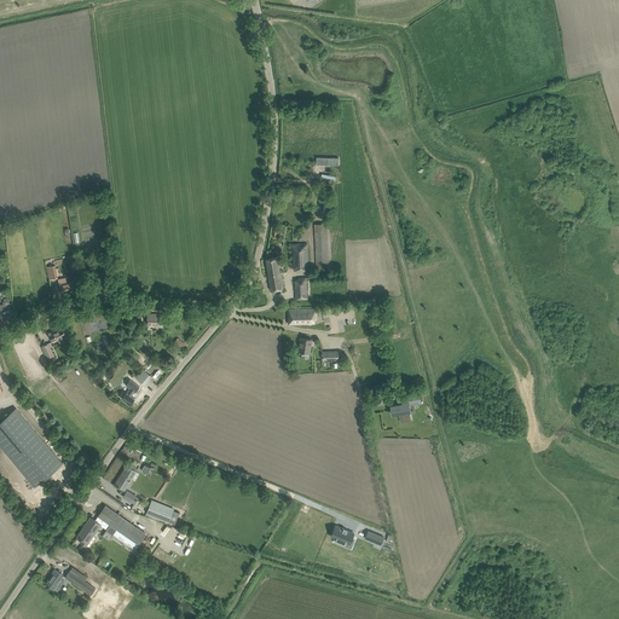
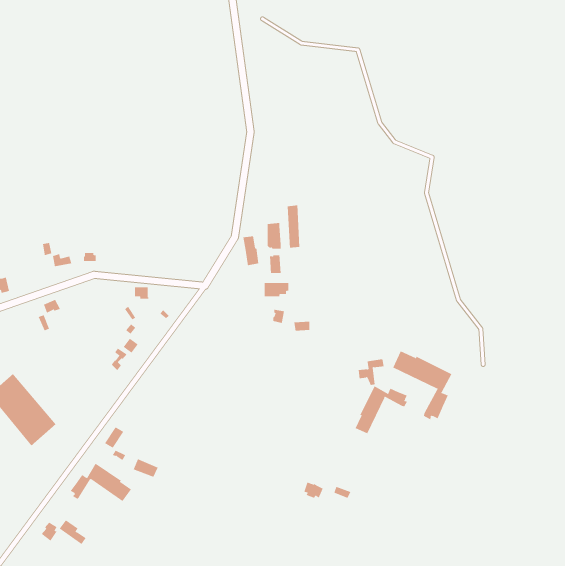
building: none -> [393,350,452,420]
building: none -> [355,386,408,434]

